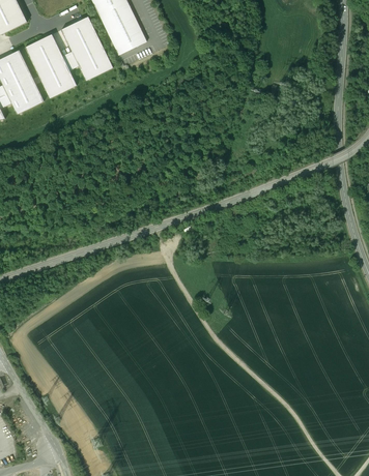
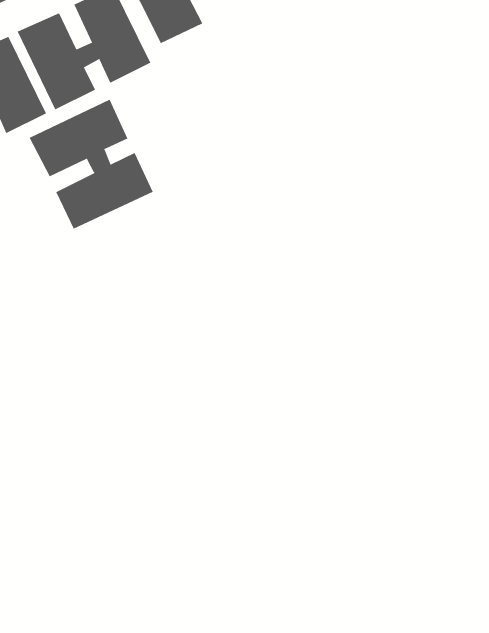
building: none -> [29,99,153,230]

